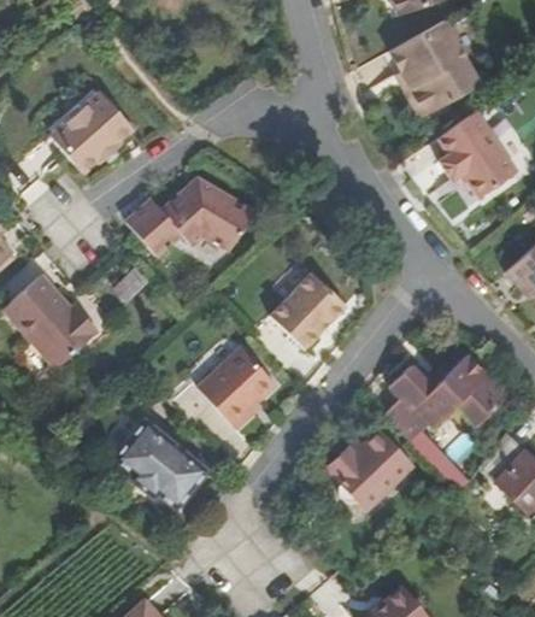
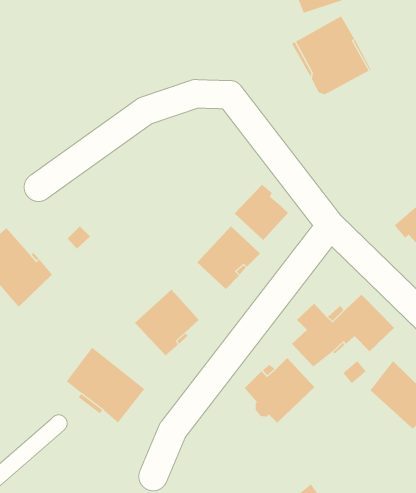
building: [49,90,134,172] -> none
building: [437,111,518,198] -> none
building: [125,178,253,254] -> none
building: none -> [234,184,289,241]

